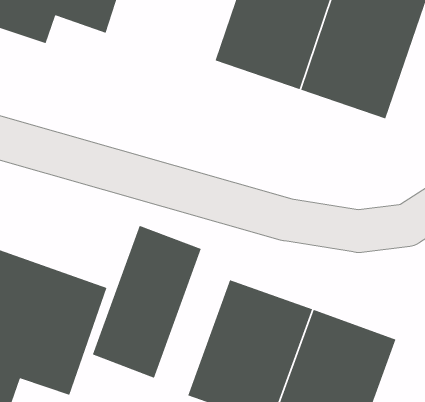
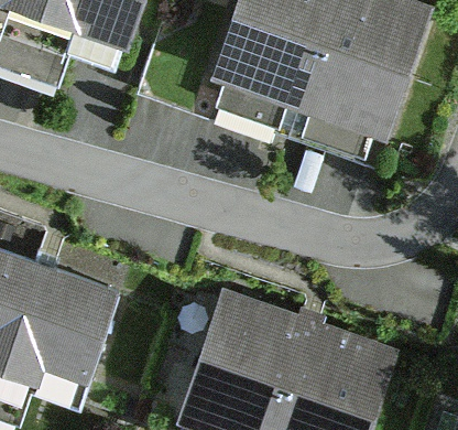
building: [92,225,202,379] -> none

